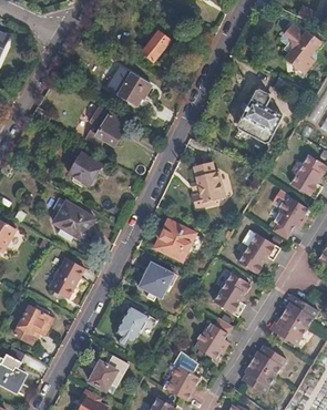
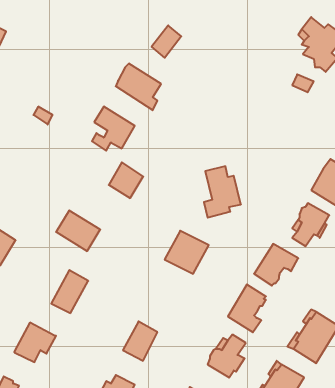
building: [236,88,282,141] -> none
building: [69,151,101,184] -> [109,162,143,198]
building: [137,262,173,298] -> none

